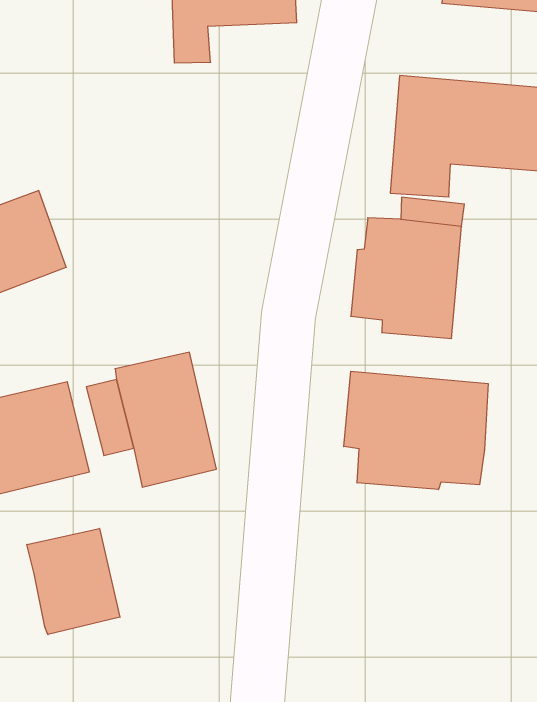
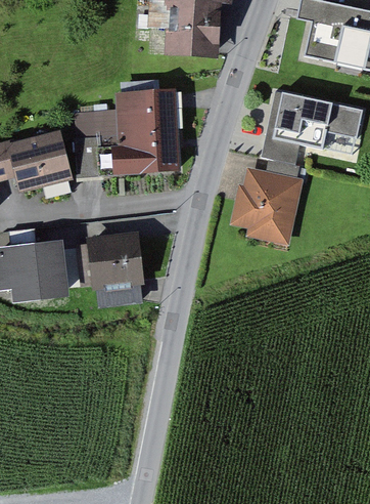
building: none -> [77,89,183,176]
building: [344,371,488,490] -> none
building: [27,528,120,635] -> none

